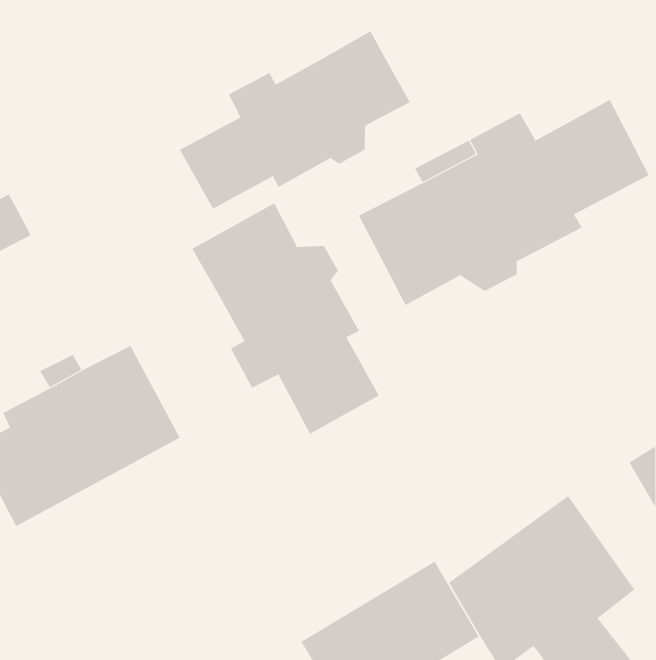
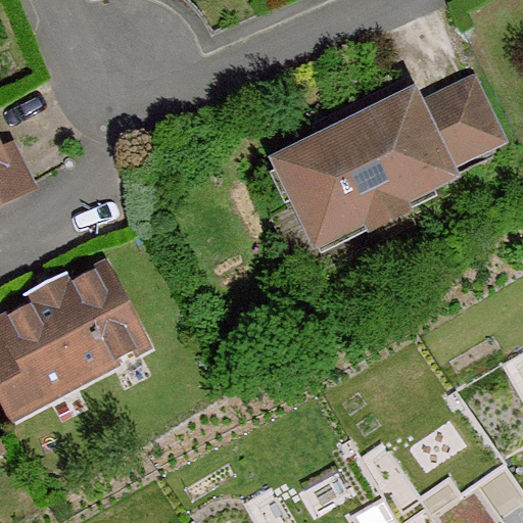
building: [179,31,410,210] -> none
building: [192,203,379,434] -> none

